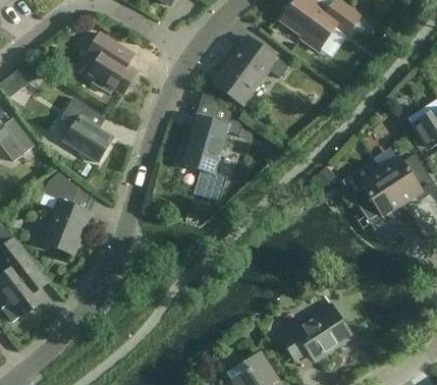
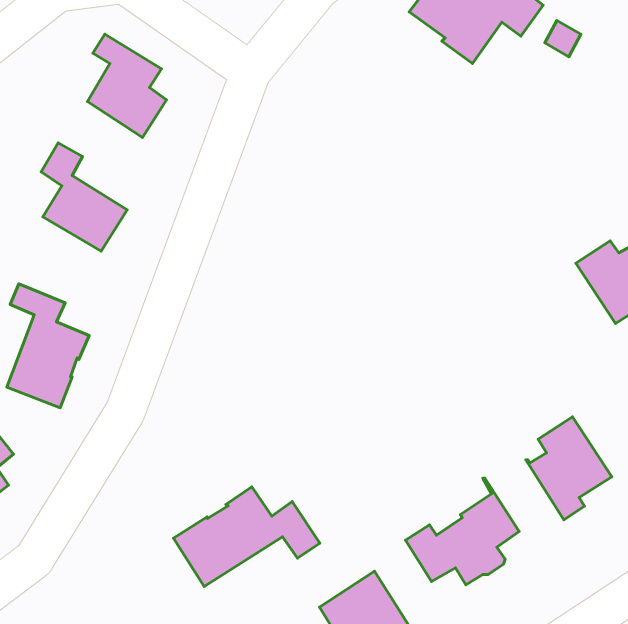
building: [213,46,288,104] -> none
building: [177,97,242,201] -> none
building: [351,168,402,229] -> [526,417,612,520]
building: none -> [174,487,320,586]

